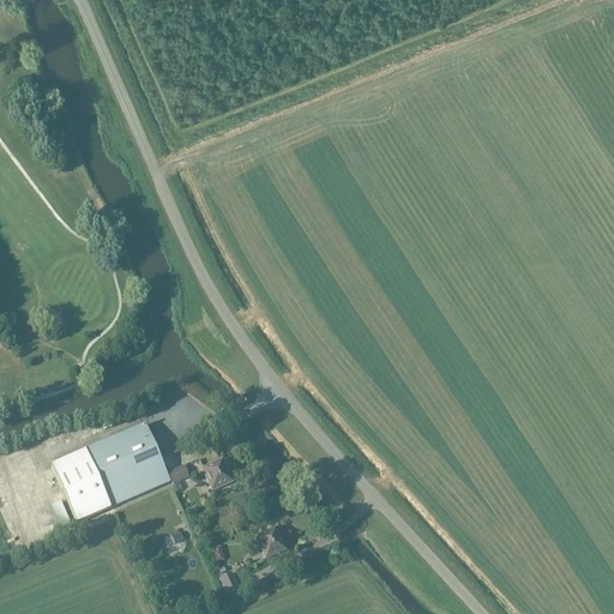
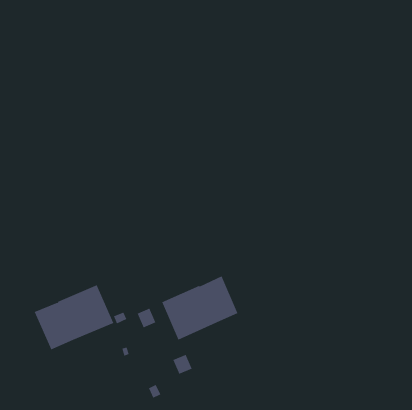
building: none -> [161,276,238,341]

